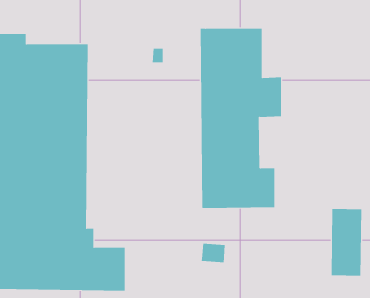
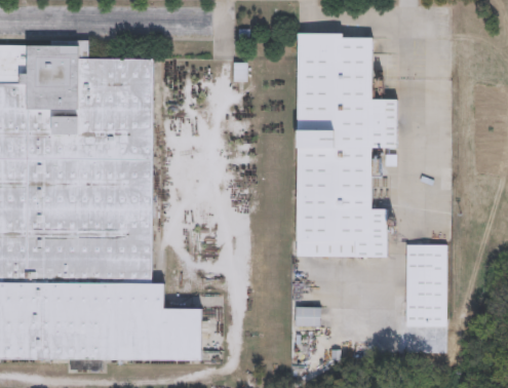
building: [331,208,362,276] -> [407,243,446,327]

